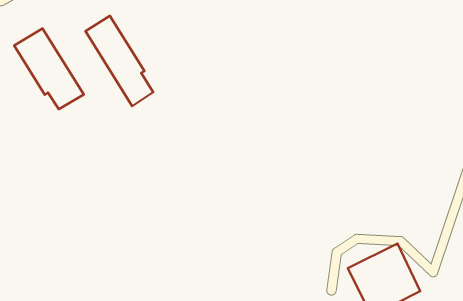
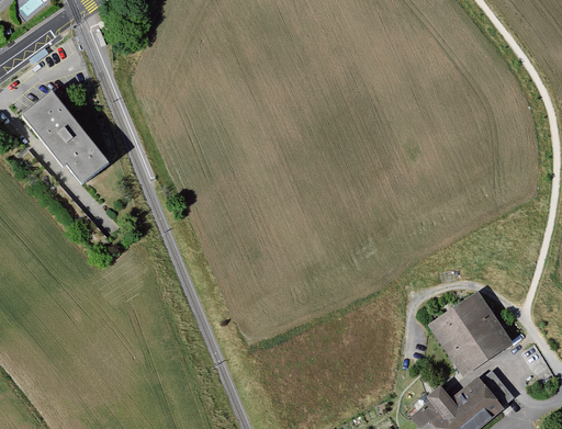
building: [85,16,153,106] -> none

